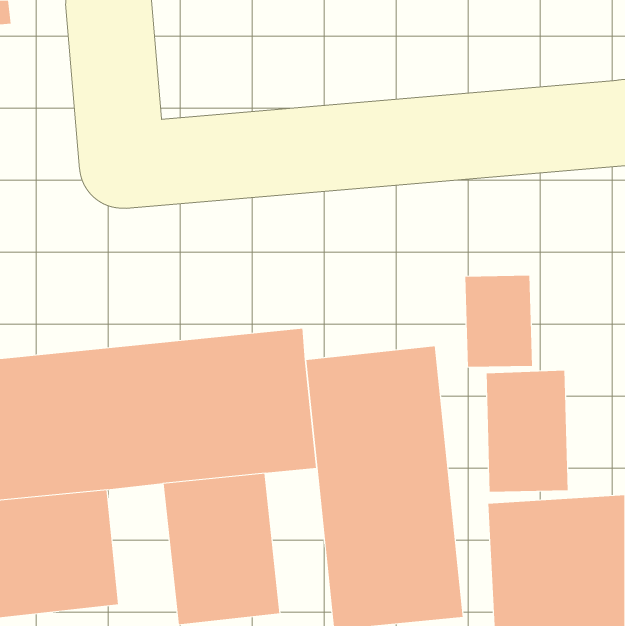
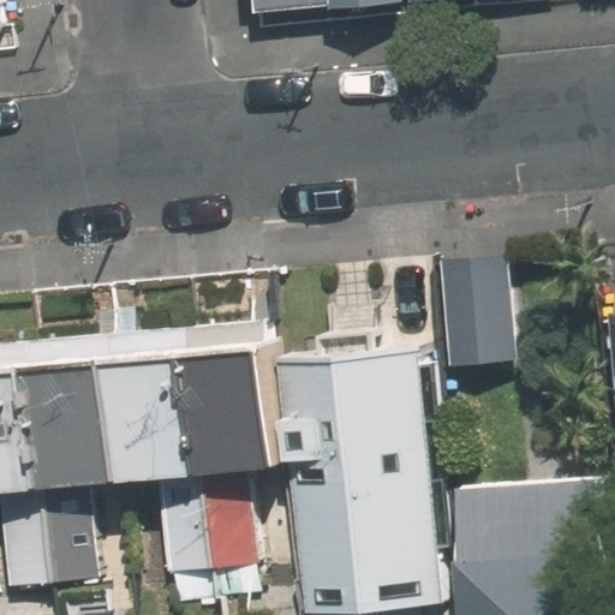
building: [486,370,568,493] -> none

